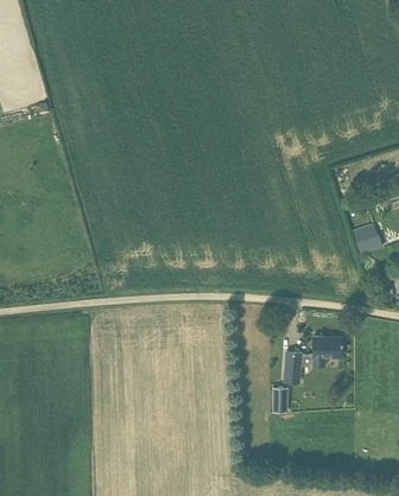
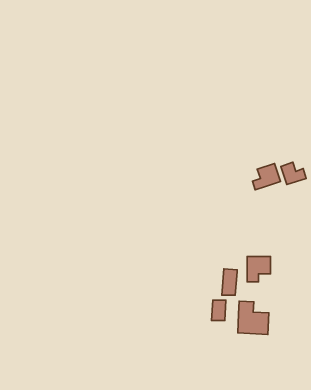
building: none -> [252,163,280,190]
building: none -> [238,301,269,334]

